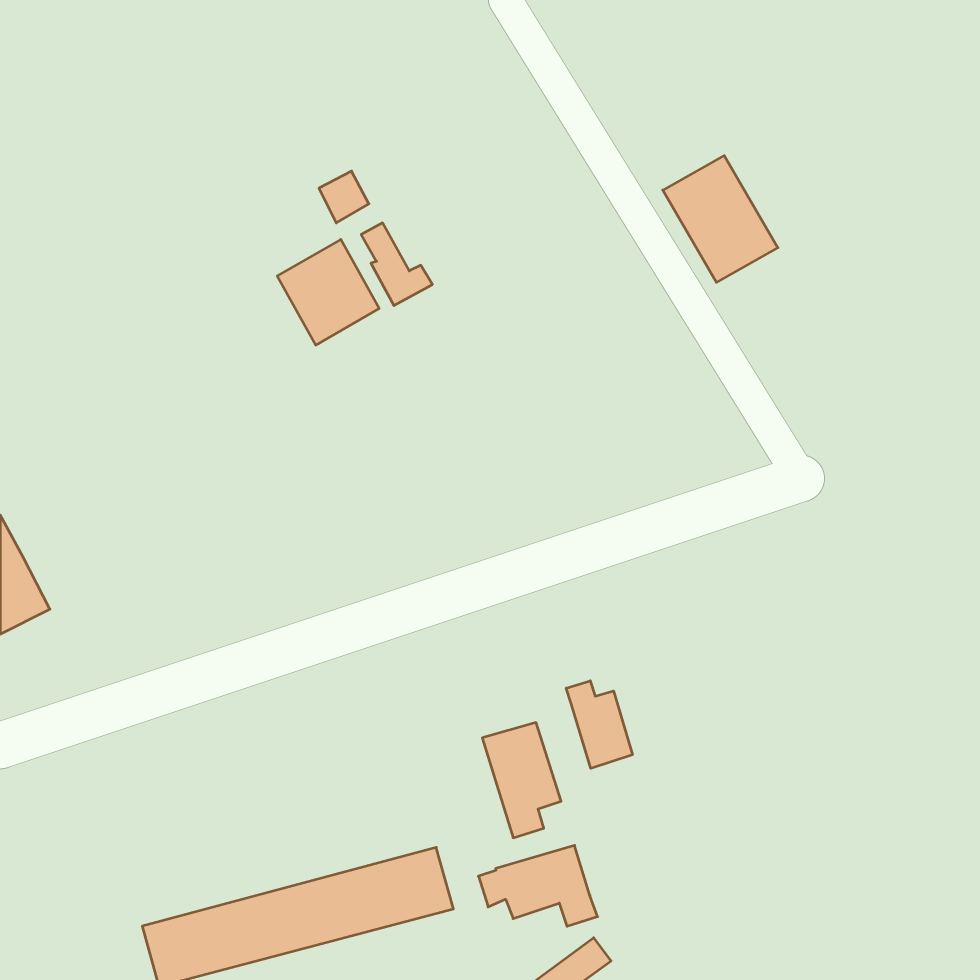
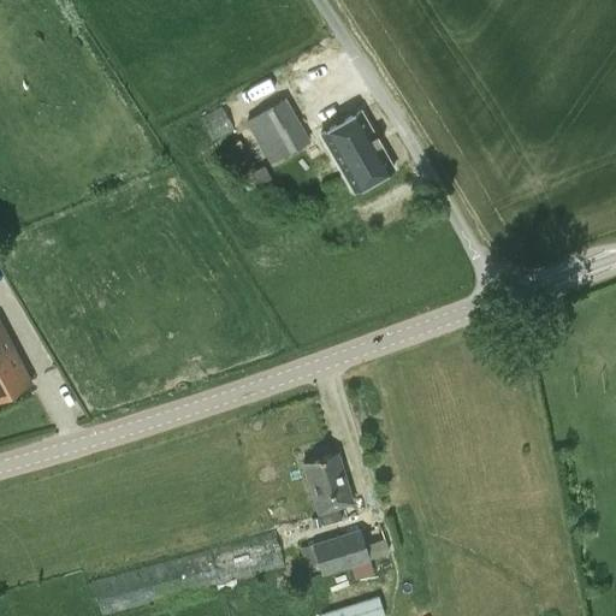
building: [663,156,778,282] -> [321,113,393,192]
building: [277,239,379,345] -> [247,99,310,165]
building: [566,681,632,768] -> none

